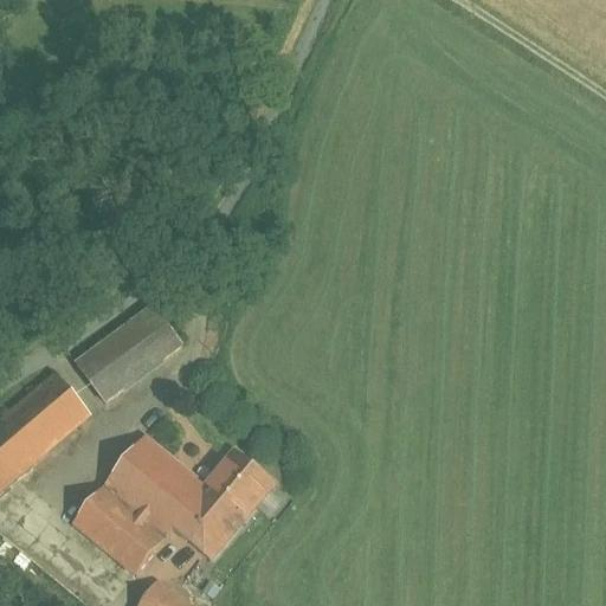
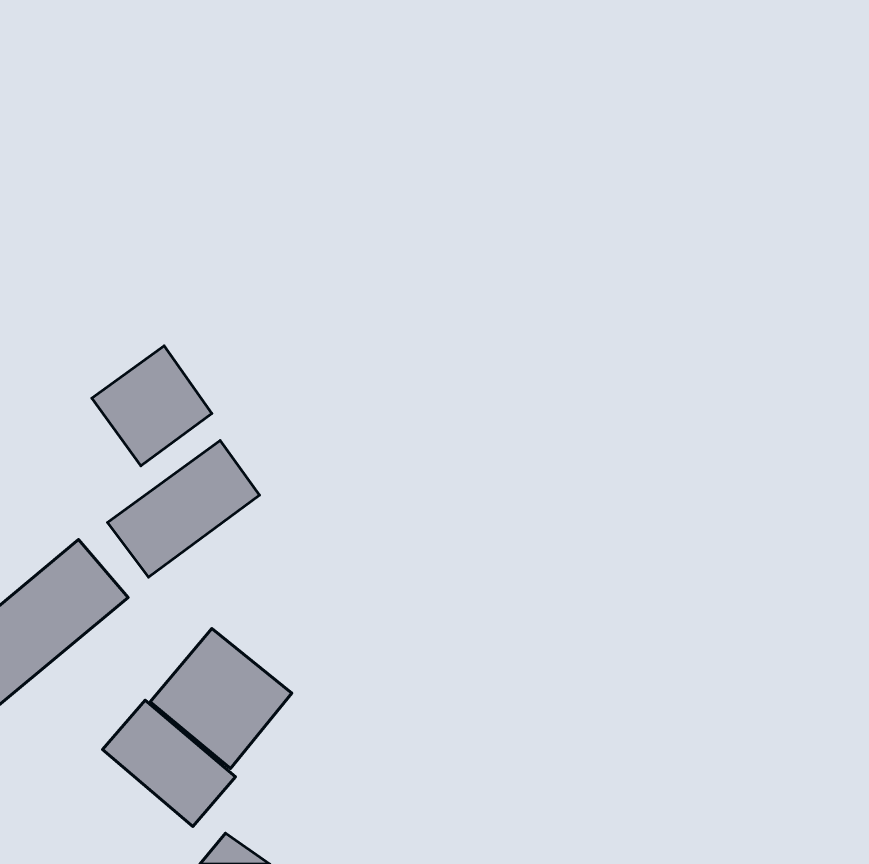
building: none -> [92,346,212,466]
building: [173,452,272,556] -> none

